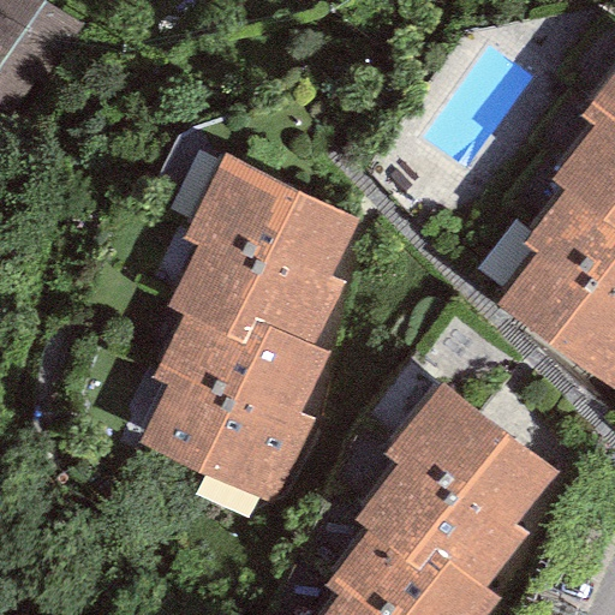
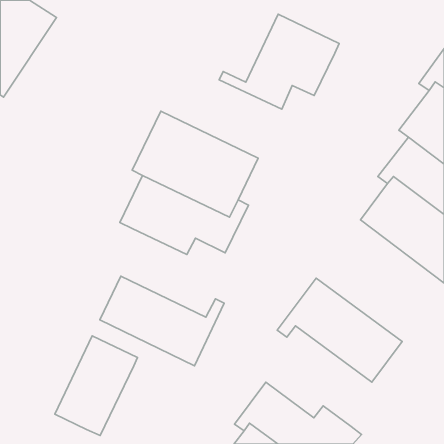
building: none -> [219,14,339,109]
building: [153,316,326,438] -> none
building: [357,450,525,590] -> none
building: none -> [55,336,138,436]

